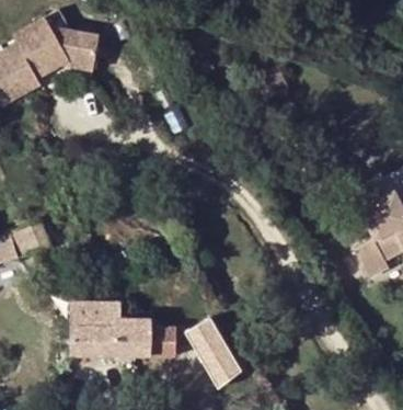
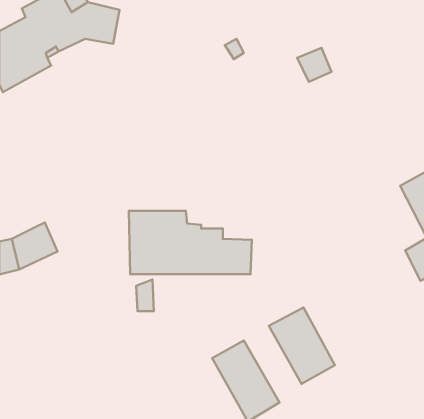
building: none -> [269,308,335,384]
building: [70,303,176,357] -> [129,211,252,274]

